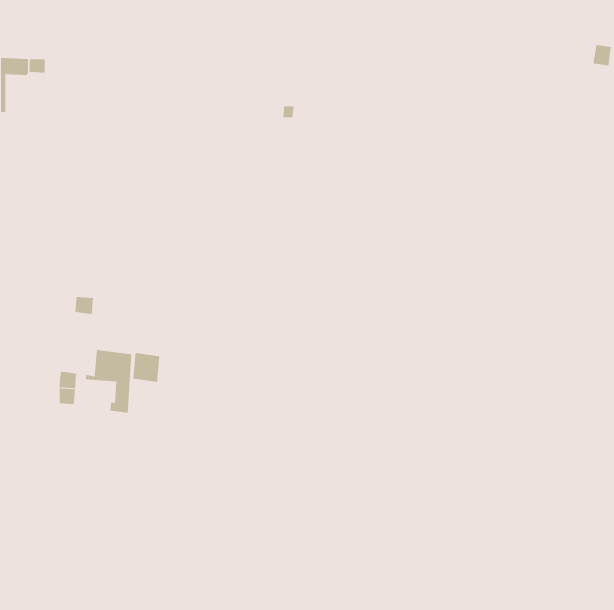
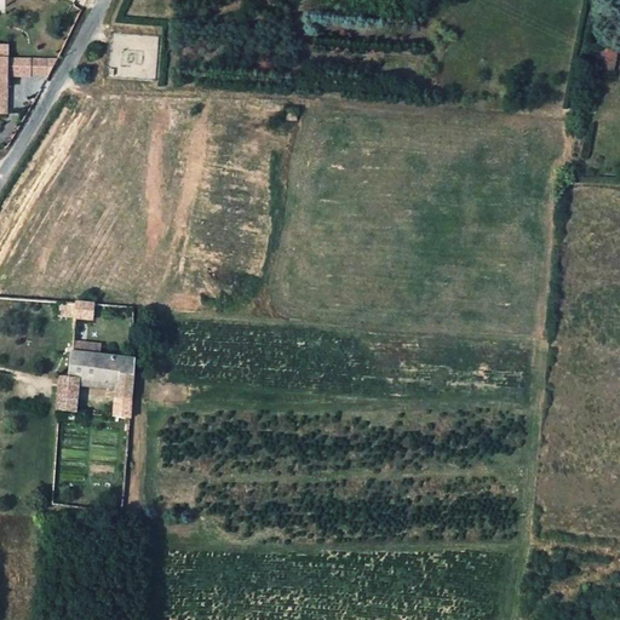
building: [133,352,160,382] -> [69,349,97,379]

